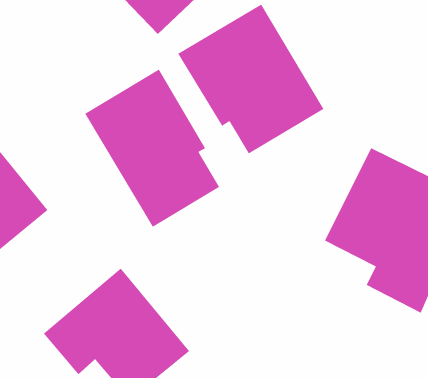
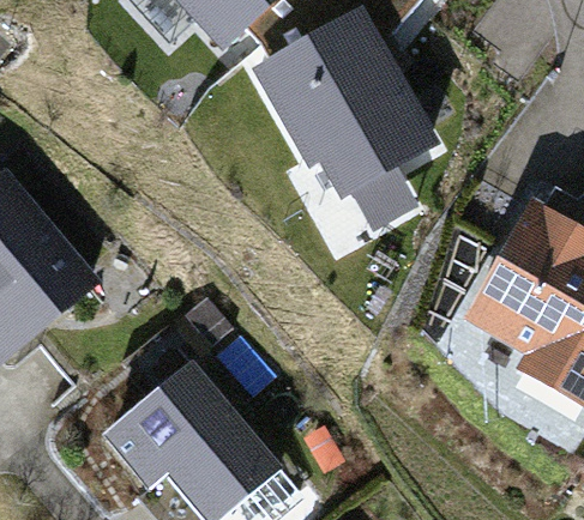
building: [84,68,220,228] -> none

